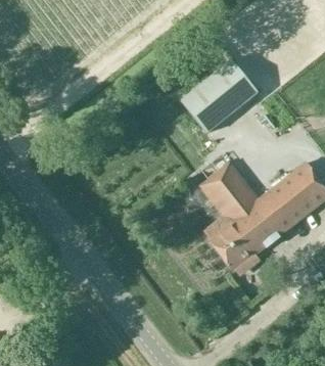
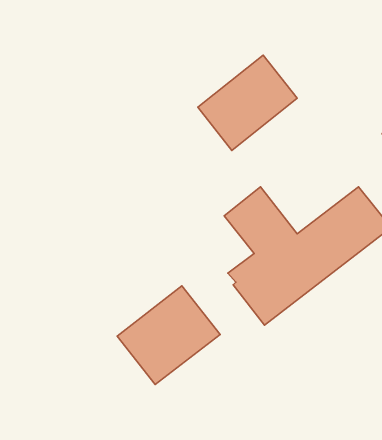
building: none -> [117,286,220,385]

